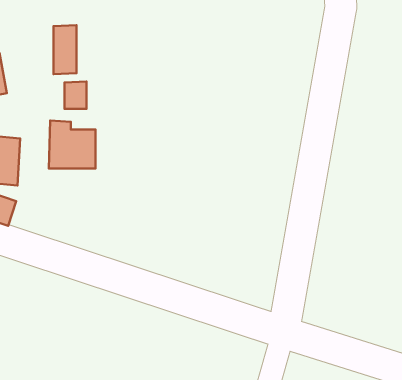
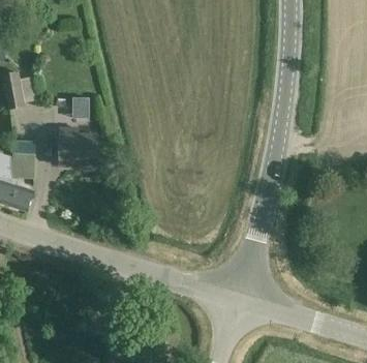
building: [54,25,76,74] -> none

